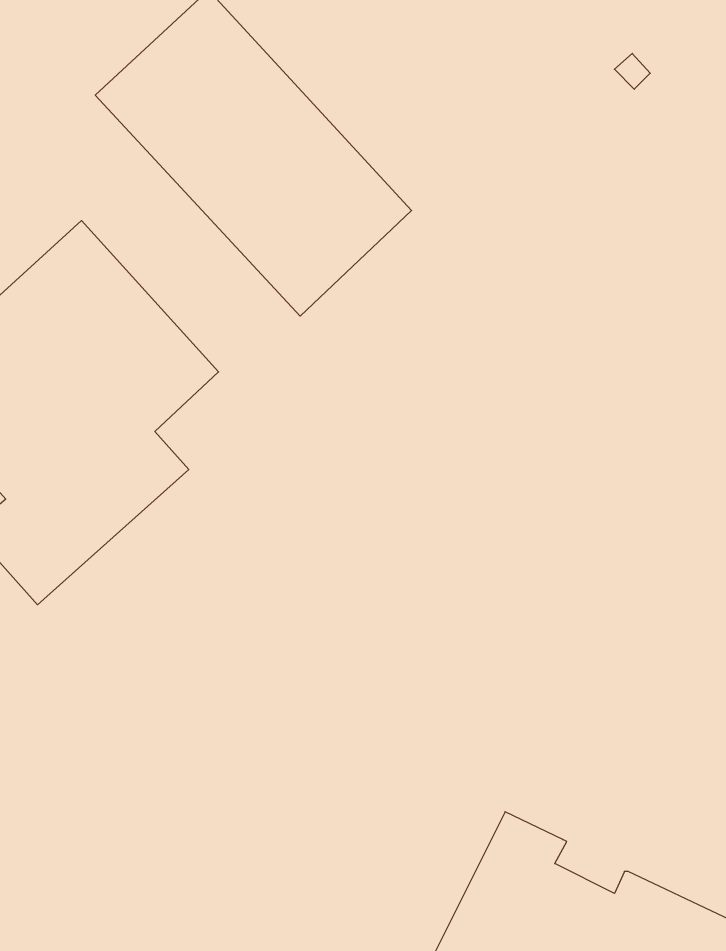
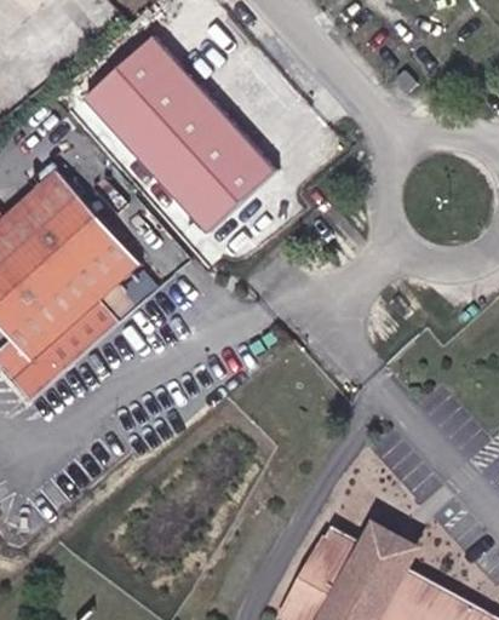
building: none -> [351,529,406,579]

